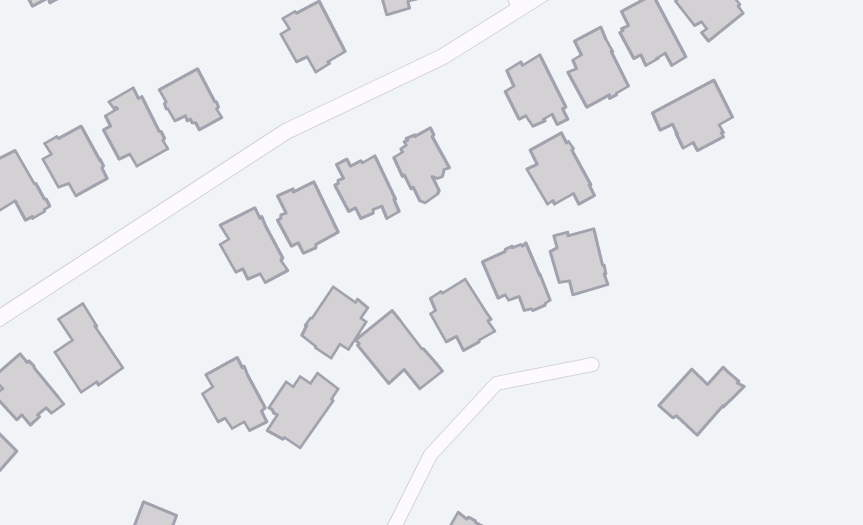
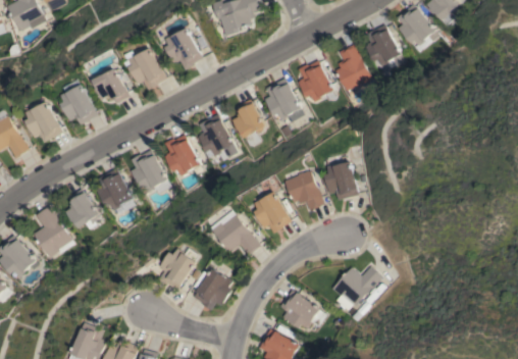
building: none -> [130,48,166,90]
building: [652,80,733,150] -> none
building: [527,133,594,204] -> [263,78,303,119]
building: none -> [64,188,98,228]
building: [302,287,368,358] -> [193,268,231,310]
building: [202,357,267,430] -> [95,167,133,210]
building: [659,367,744,435] -> [331,265,381,305]
building: none -> [279,289,325,328]

